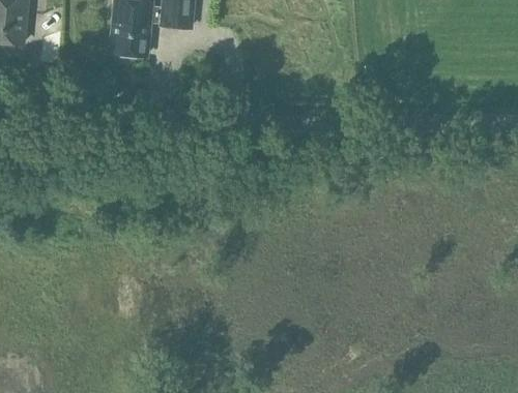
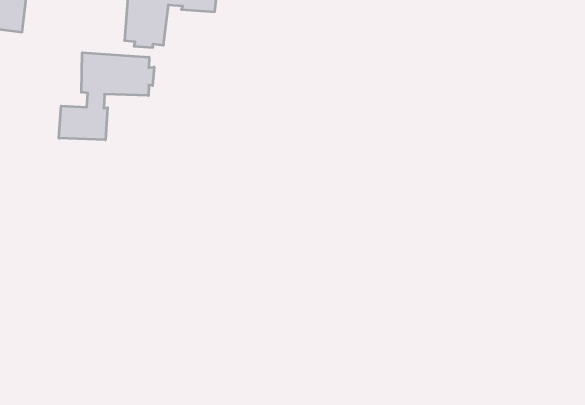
building: none -> [59,53,154,140]

